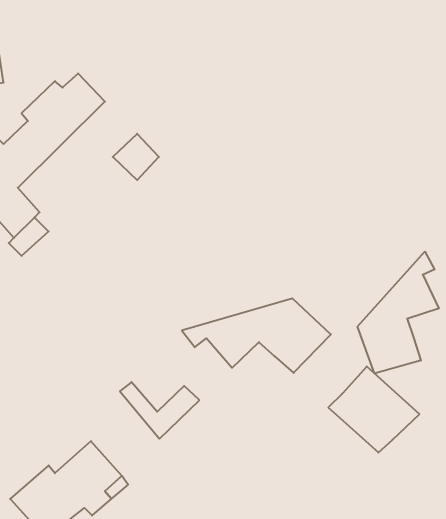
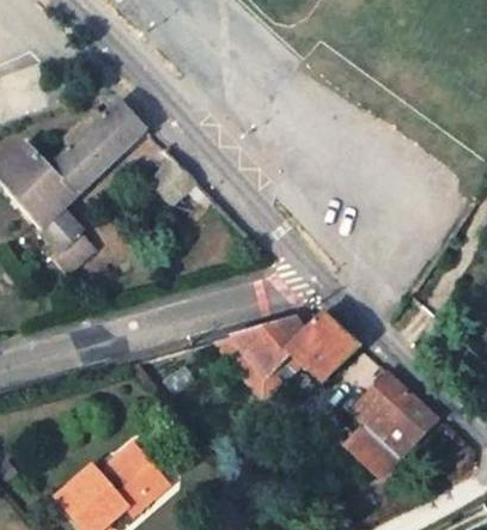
building: [358,252,439,373] -> none
building: [120,382,199,439] -> [229,348,303,401]
building: none -> [346,422,400,474]

